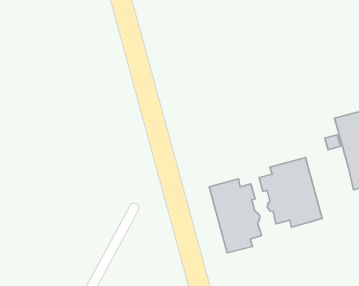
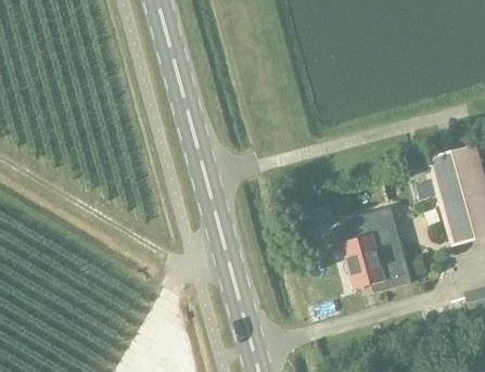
building: [209,179,262,253] -> none

